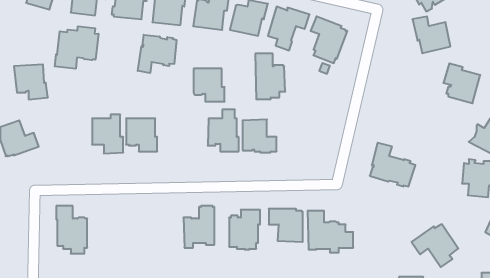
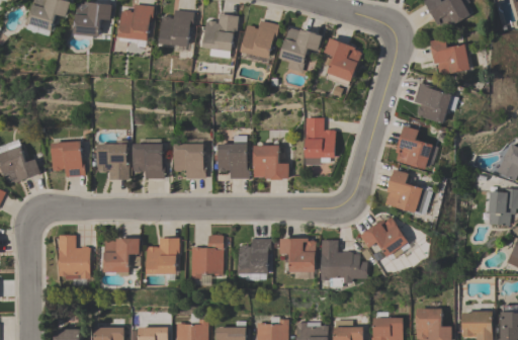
building: [55,26,98,69] -> none
building: [138,35,177,73] -> none
building: [255,54,285,99] -> [305,117,336,165]
building: [443,63,480,103] -> [413,82,451,123]
building: [14,64,48,99] -> [50,141,85,177]
building: [194,69,225,102] -> [173,144,205,178]
building: none -> [396,125,433,169]
building: none -> [104,238,141,276]
building: none -> [148,238,179,274]
building: [412,224,458,267] -> [360,217,409,261]

